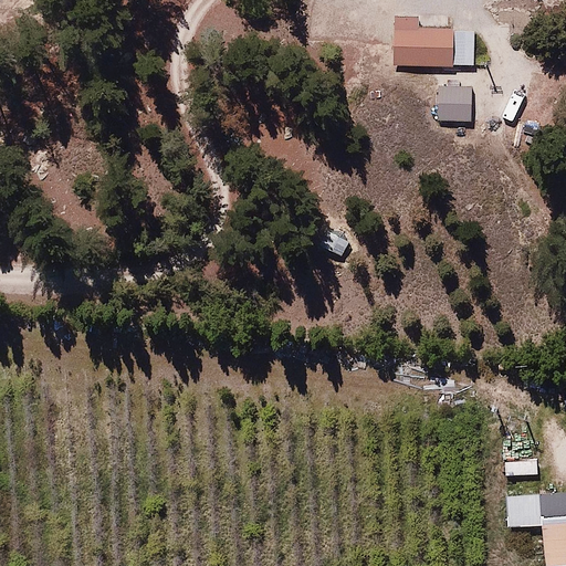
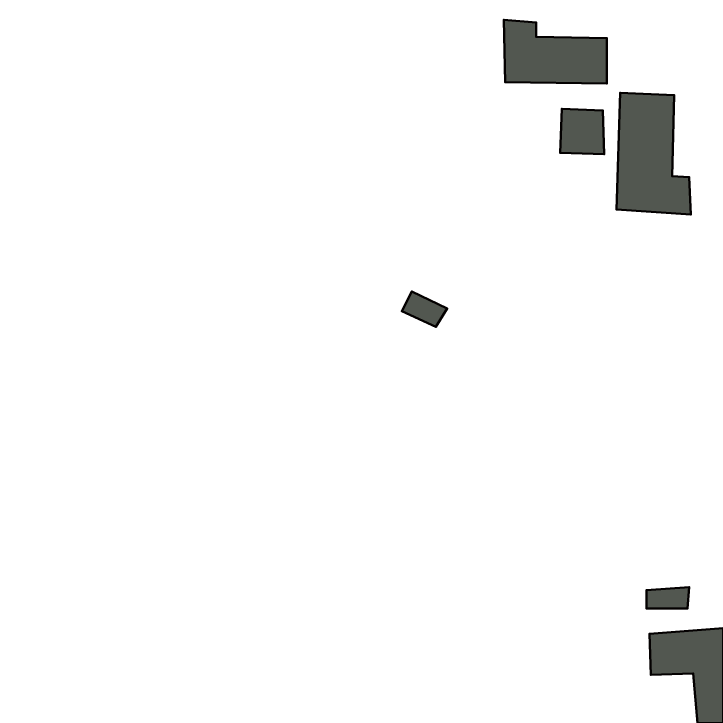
building: none -> [616,93,691,214]

